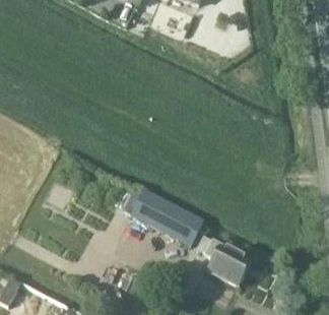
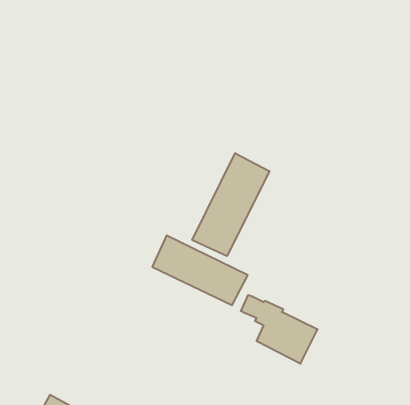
building: none -> [192,153,269,256]

